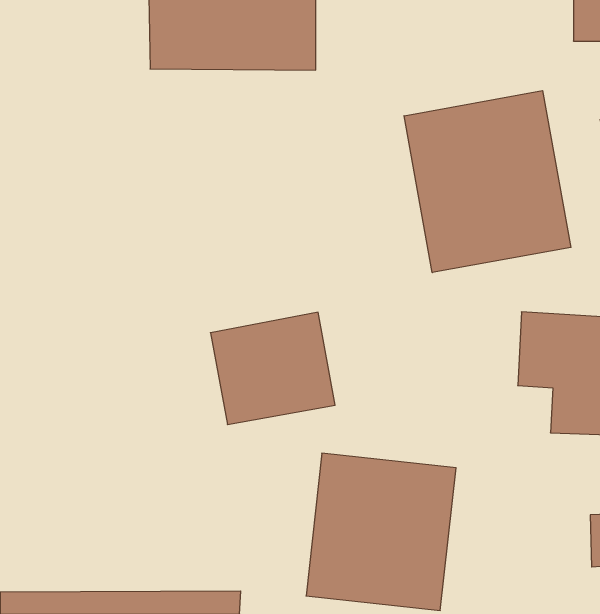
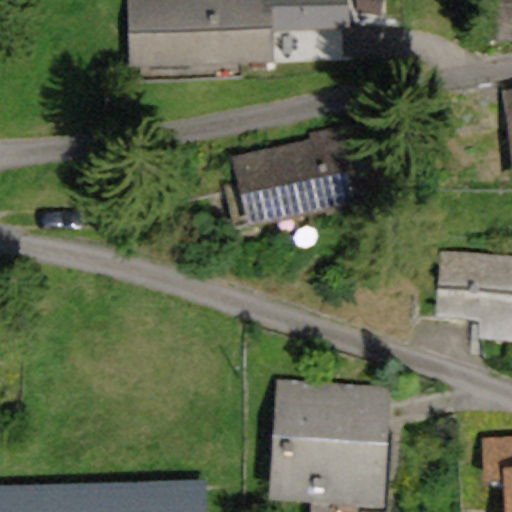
building: [404,91,571,273] -> none
building: [210,312,335,425] -> [228,145,331,238]

